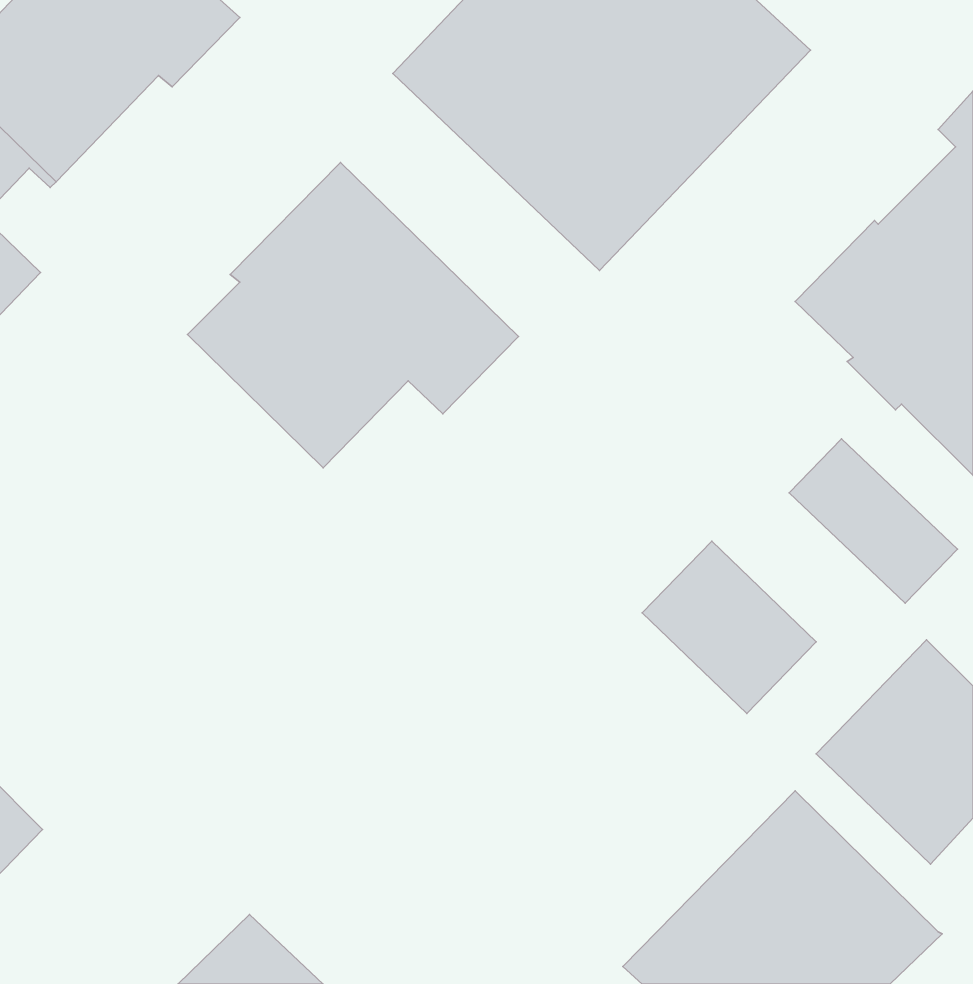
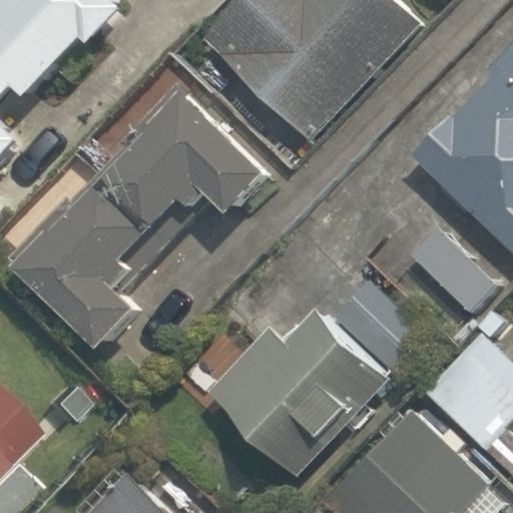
building: none -> [7,173,167,349]
building: none -> [208,311,389,476]

